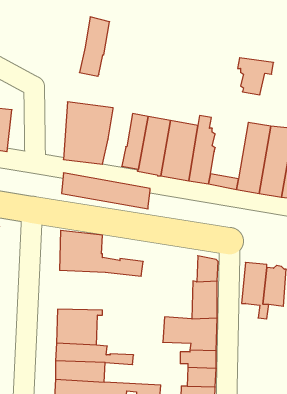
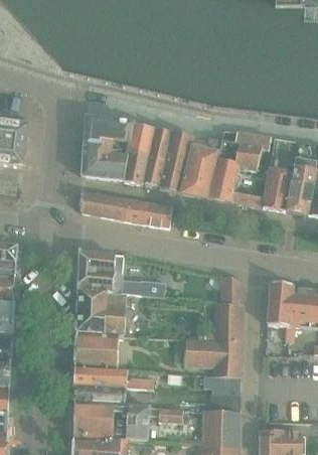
building: [79,17,110,76] -> [122,124,153,185]
building: [238,58,274,95] -> [232,133,270,171]
building: none -> [75,291,125,333]

